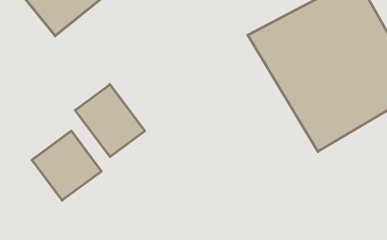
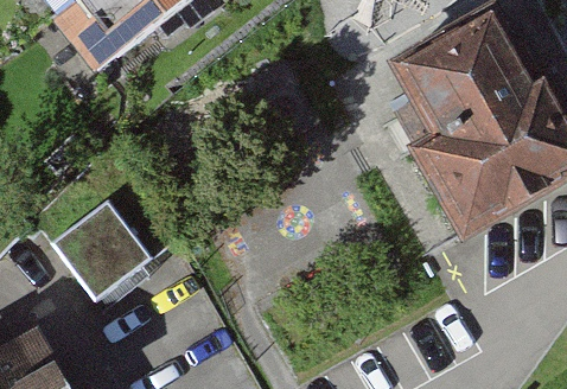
building: [75,84,145,157] -> none

